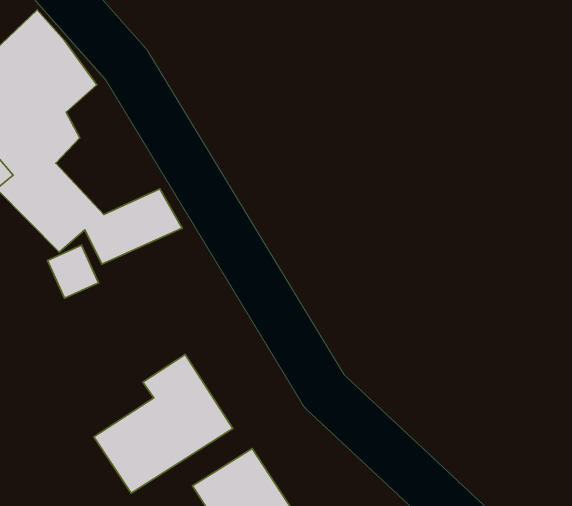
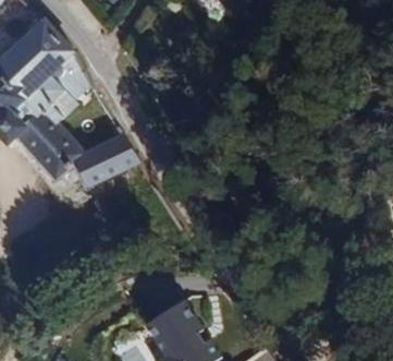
building: [94,355,233,493] -> none

